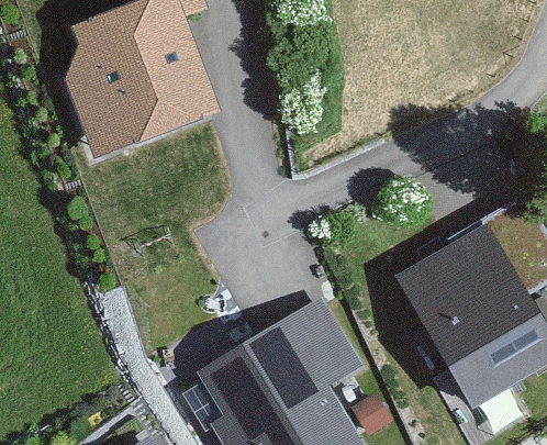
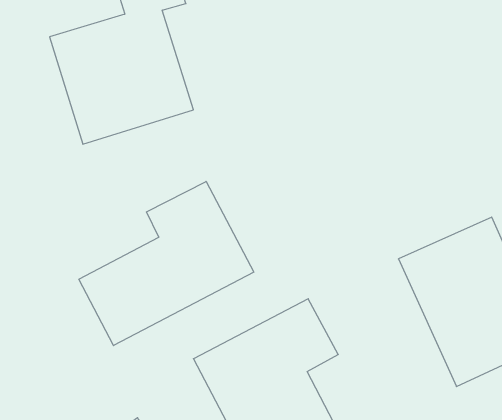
building: none -> [79,181,254,346]

